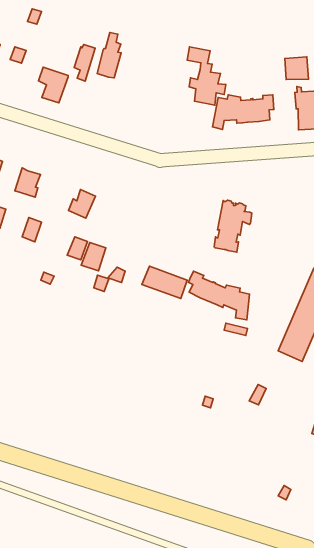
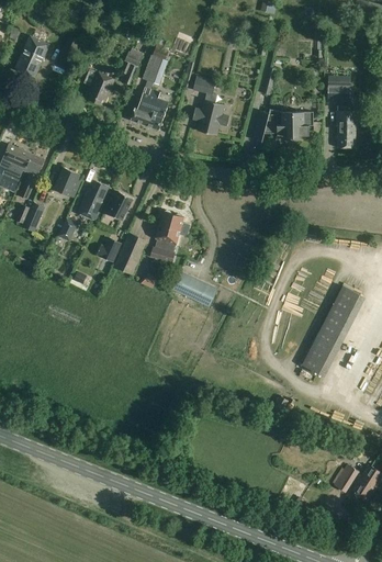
building: [187,47,226,105] -> [193,77,229,136]
building: none -> [131,87,171,131]
building: none -> [77,181,109,221]
building: [214,200,252,252] -> [150,211,190,262]
building: [188,271,249,320] -> none

